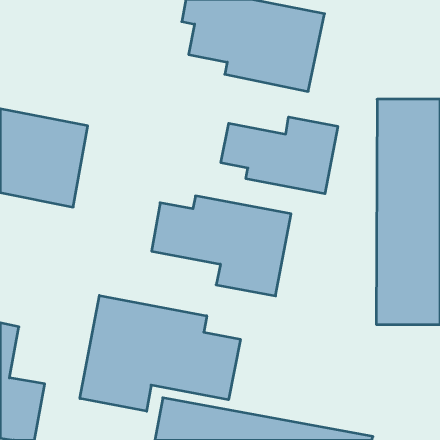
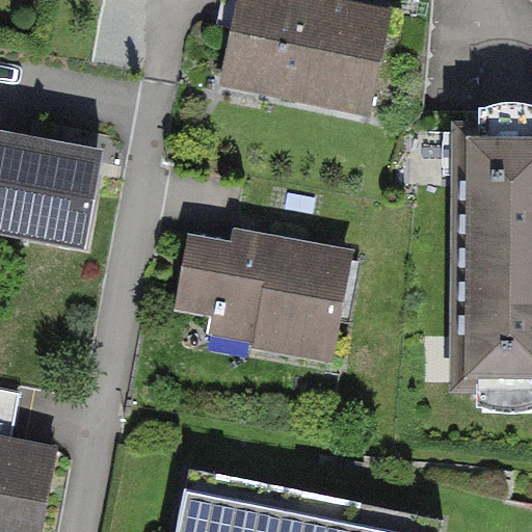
building: [221,117,338,194] -> none
building: [80,295,240,411] -> none

